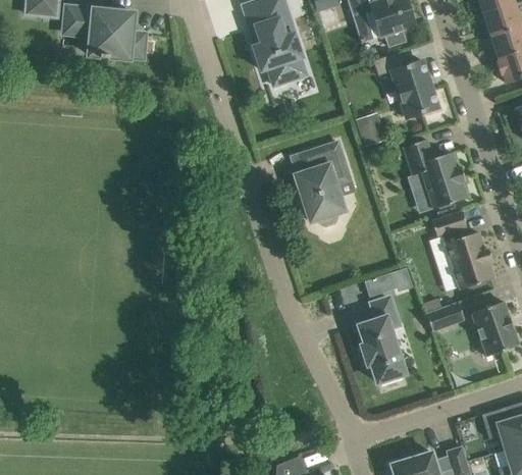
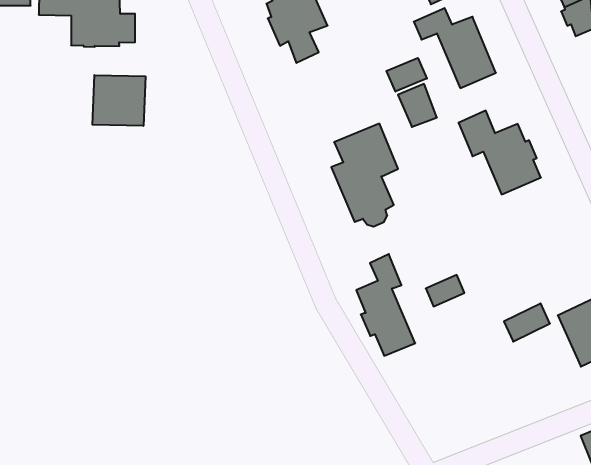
building: none -> [92,75,145,126]
building: none -> [386,58,427,92]
building: [430,211,493,289] -> none
building: [359,298,404,381] -> [356,254,415,356]

